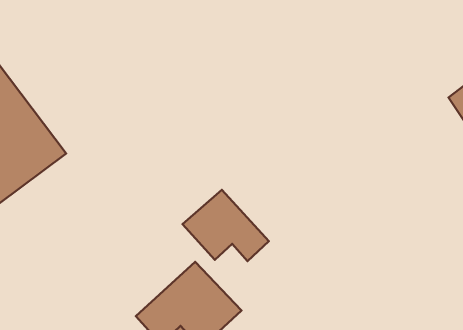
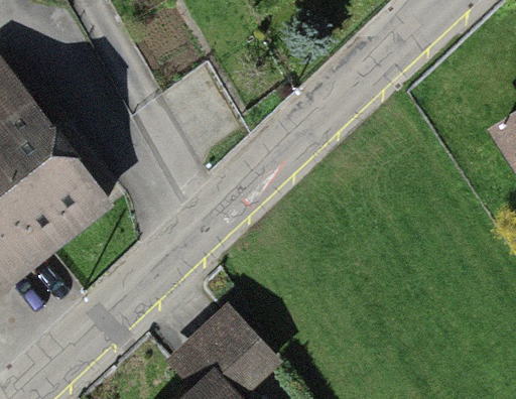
building: [182,190,269,261] -> none

